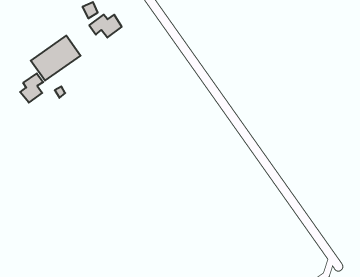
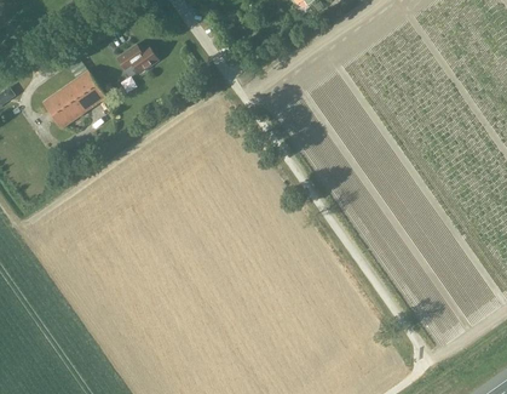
building: [20,73,43,103] -> none

